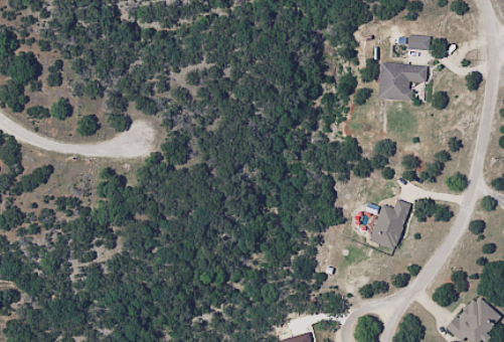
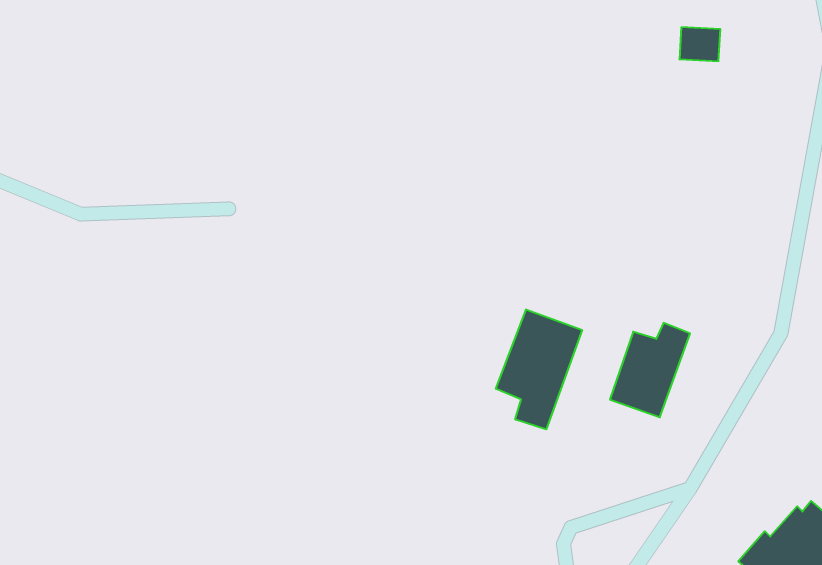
building: [378,59,425,99] -> none
building: none -> [496,309,582,429]

